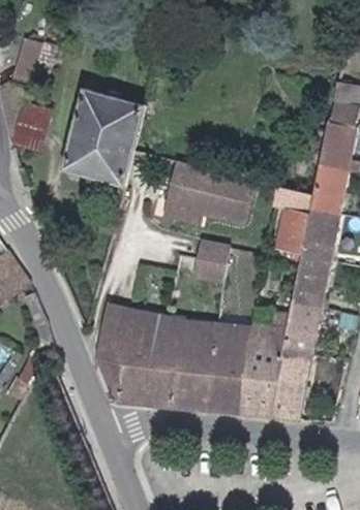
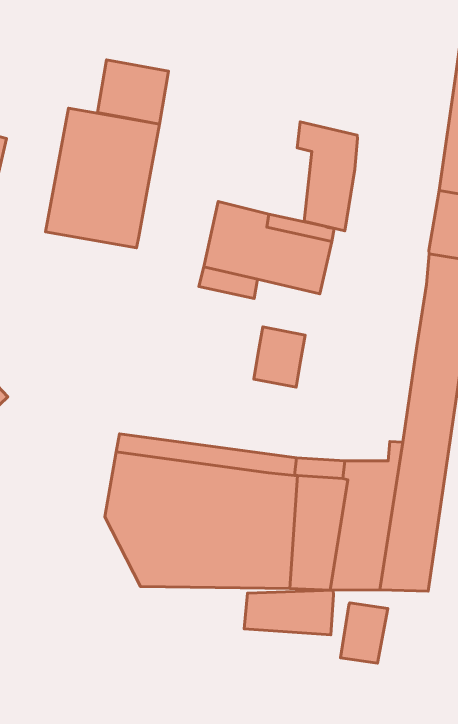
building: none -> [98,60,168,124]
building: [274,187,313,259] -> [297,122,357,231]
building: none -> [244,590,334,635]
building: none -> [341,603,388,663]

